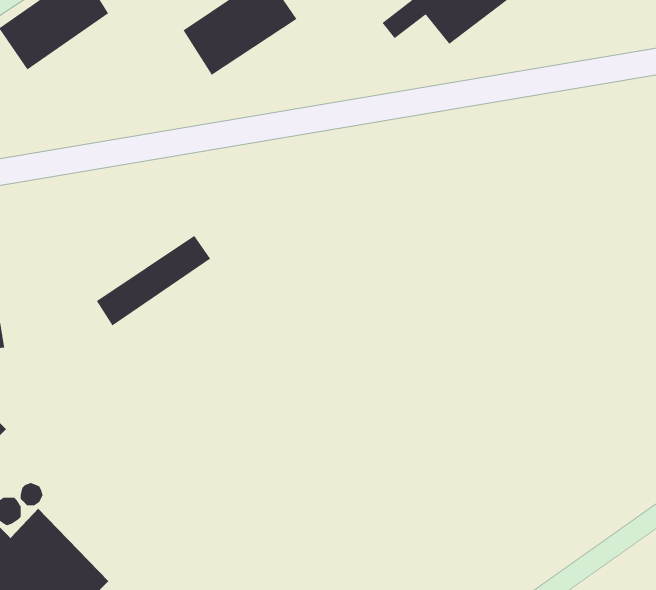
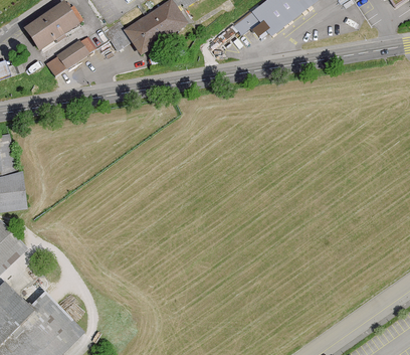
building: [96,235,211,327] -> [47,26,111,76]

